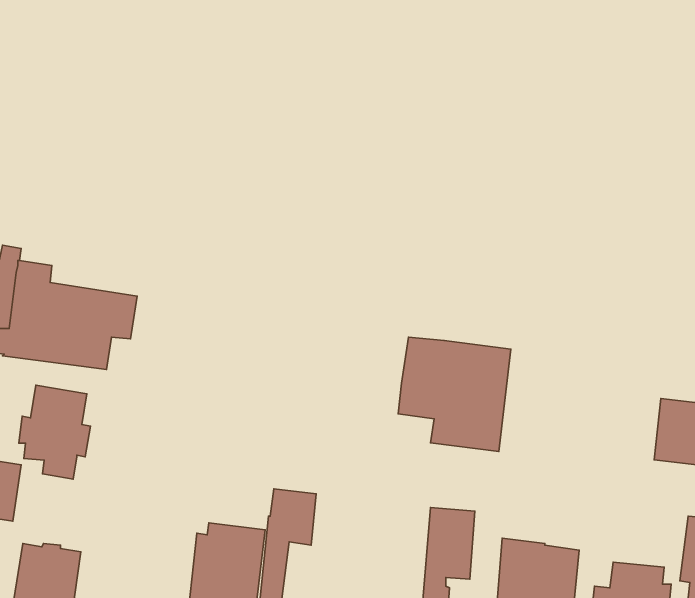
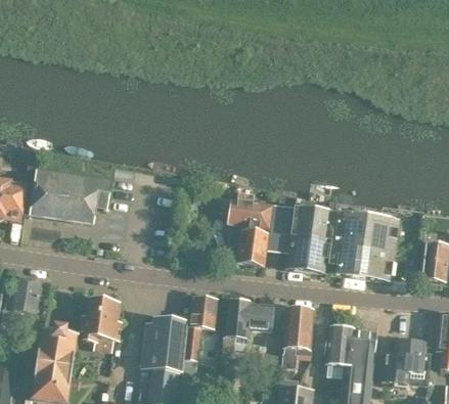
building: none -> [228,200,272,265]
building: none -> [327,212,398,281]
building: [19,385,90,479] -> [79,297,122,353]
building: none -> [223,300,272,345]

